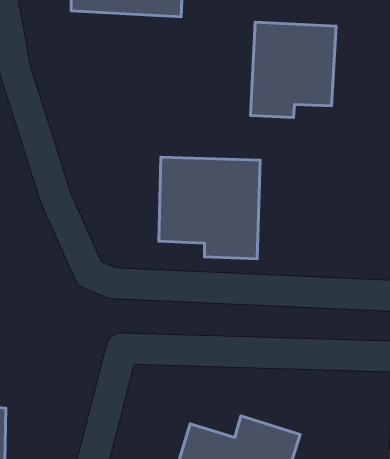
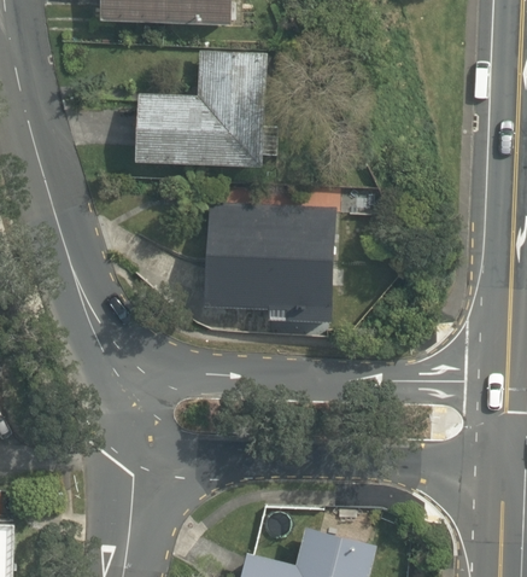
building: [251,22,336,117] -> none
building: none -> [137,48,262,171]

